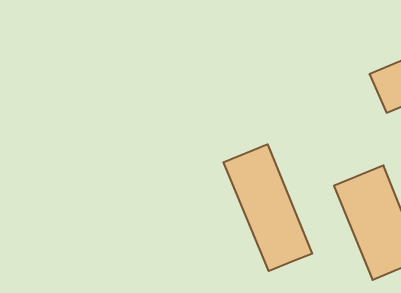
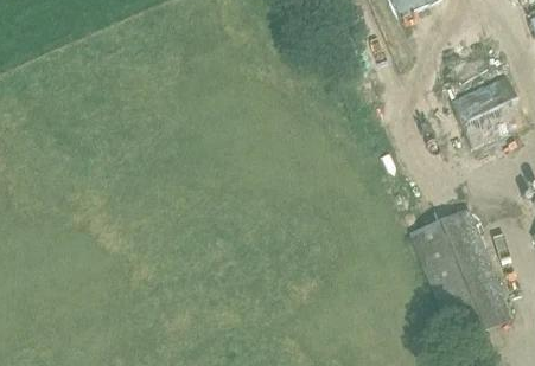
building: [223,144,312,271] -> none

